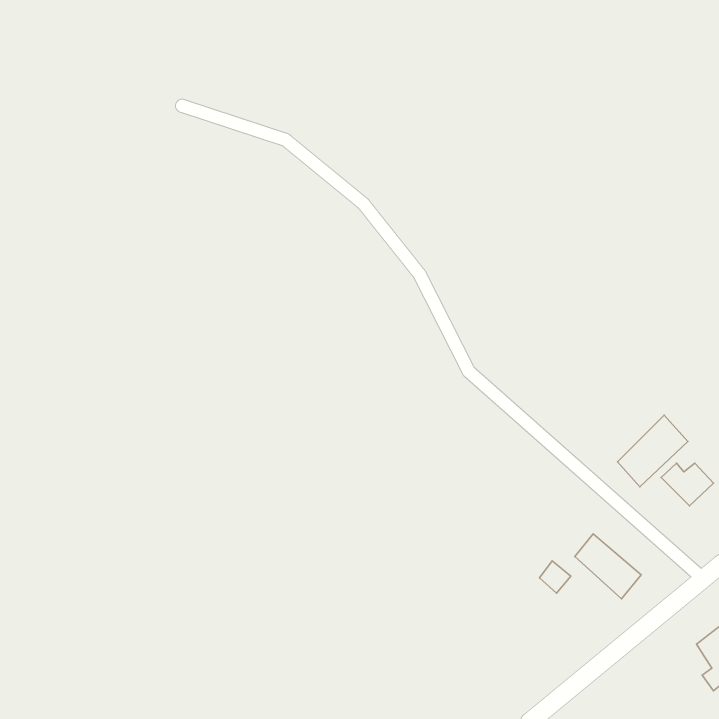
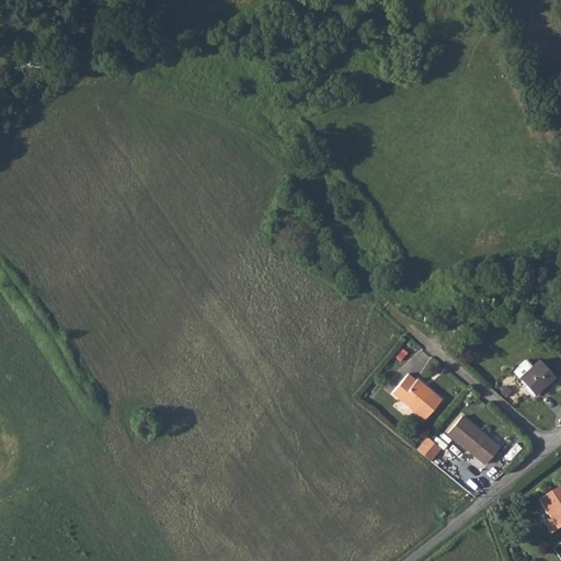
building: [618,415,688,487] -> none
building: none -> [390,371,439,417]

